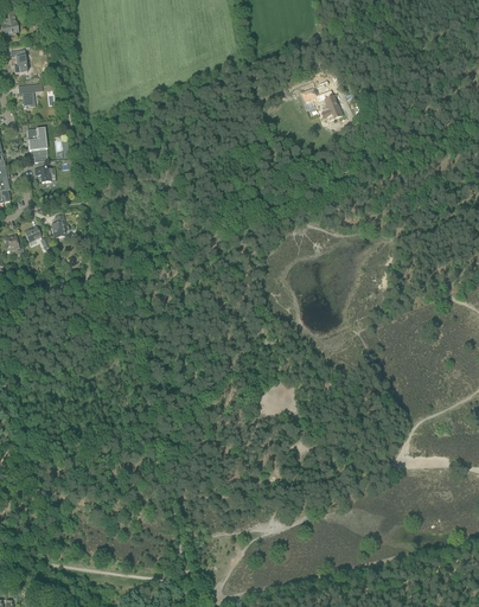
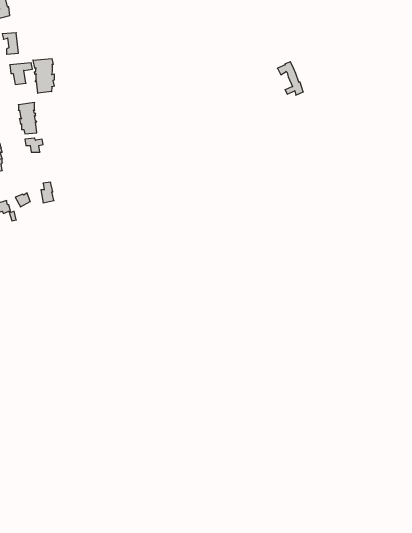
building: none -> [33,59,54,93]

